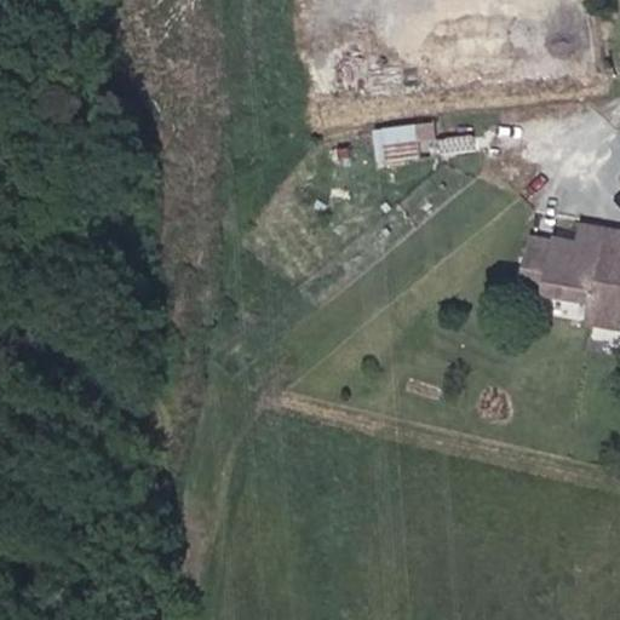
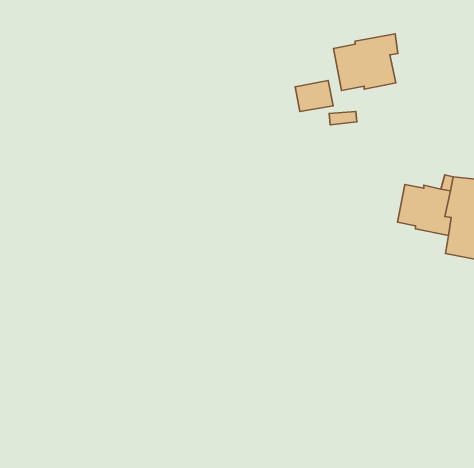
building: none -> [334,34,398,90]

